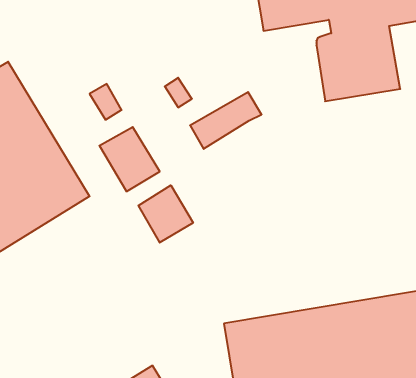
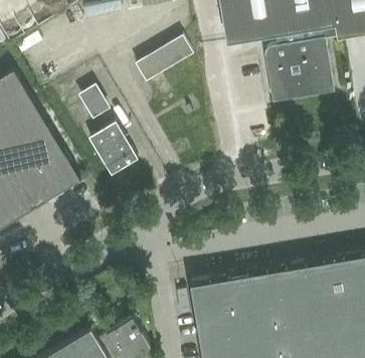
building: [190,92,262,149] -> [135,38,193,84]
building: [138,185,193,243] -> none

